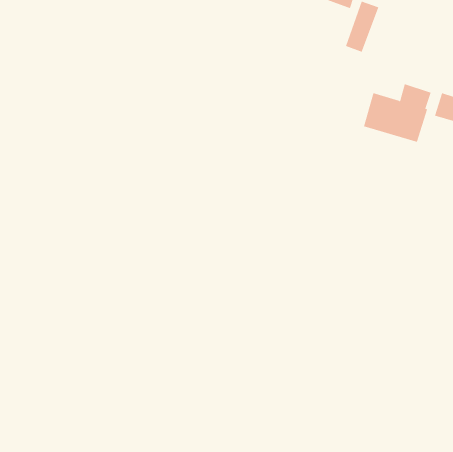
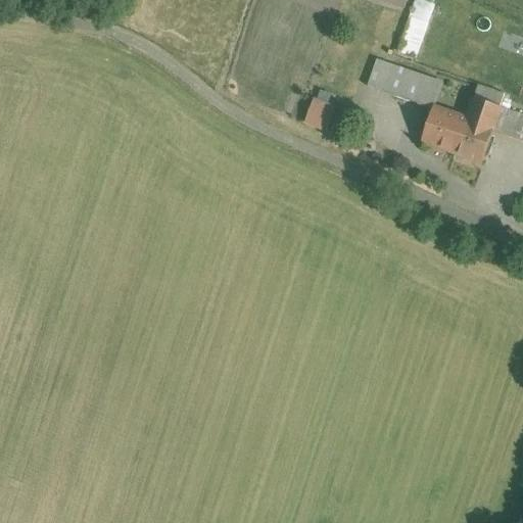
building: none -> [374,54,446,107]
building: none -> [304,97,338,132]

